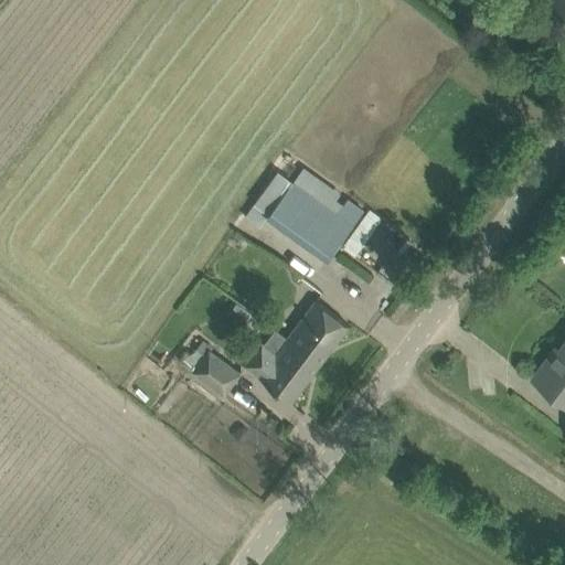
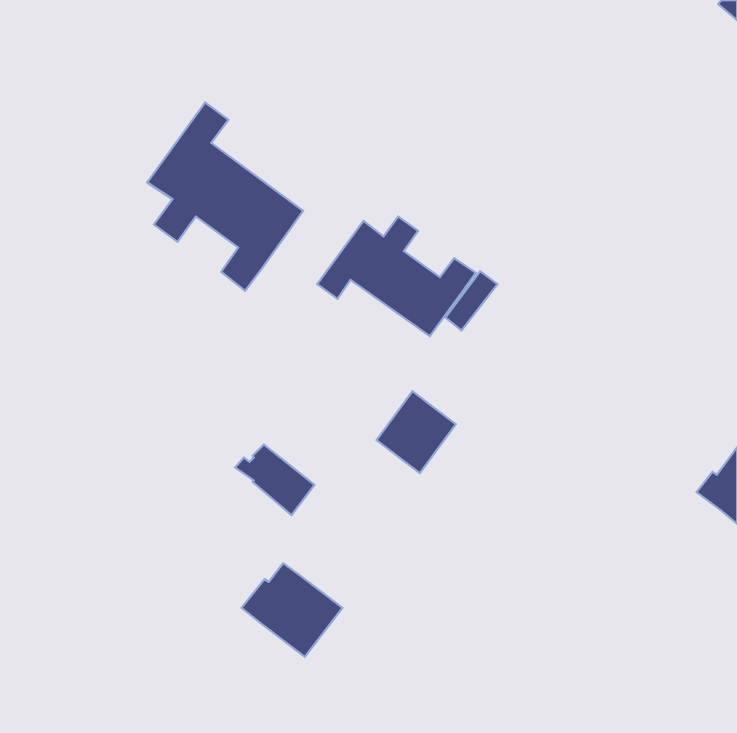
building: none -> [147,103,303,291]
building: [244,331,321,403] -> [241,563,342,657]

